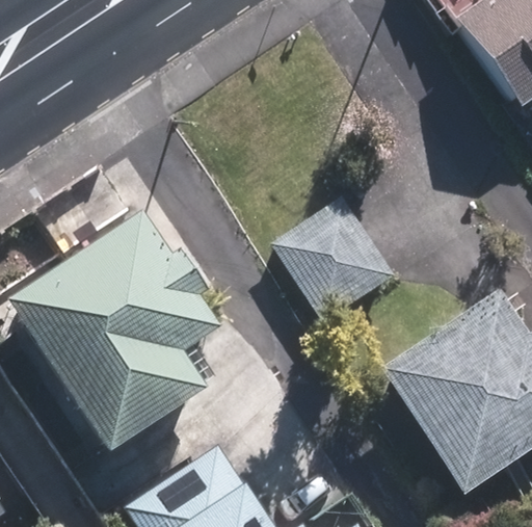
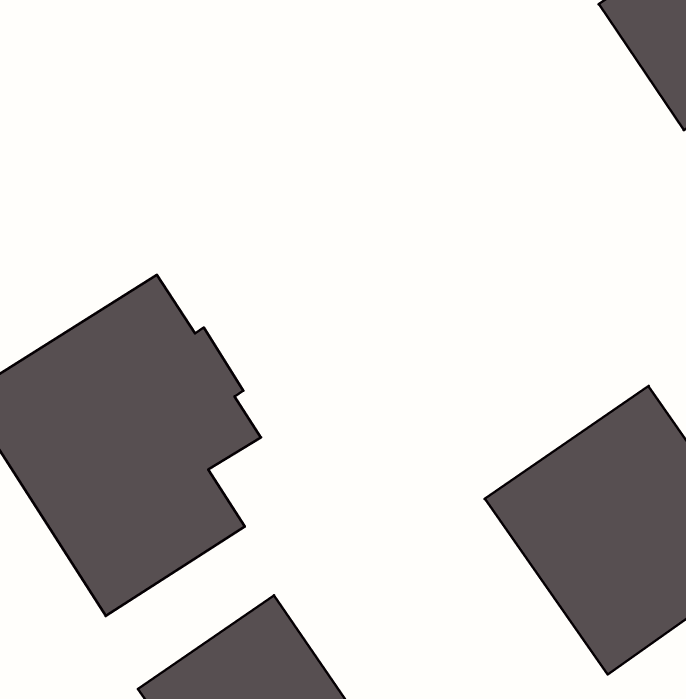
building: [278,191,405,320] -> none

